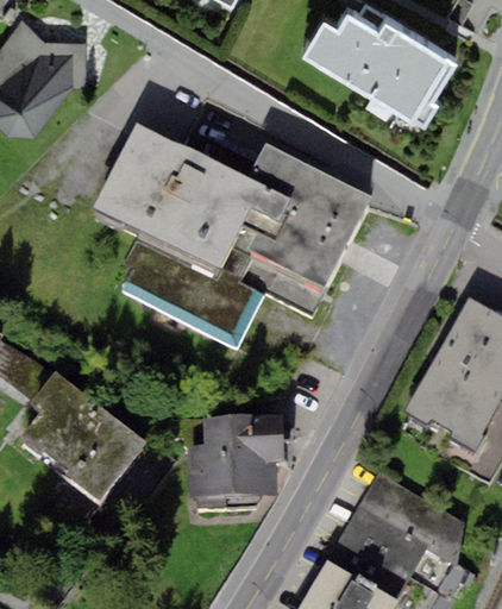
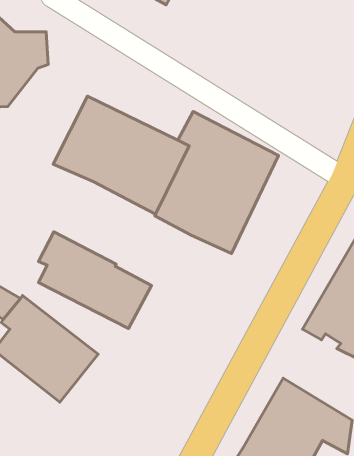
building: [302,15,453,128] -> none
building: [123,228,263,349] -> [38,232,152,329]
building: [184,413,284,509] -> none

